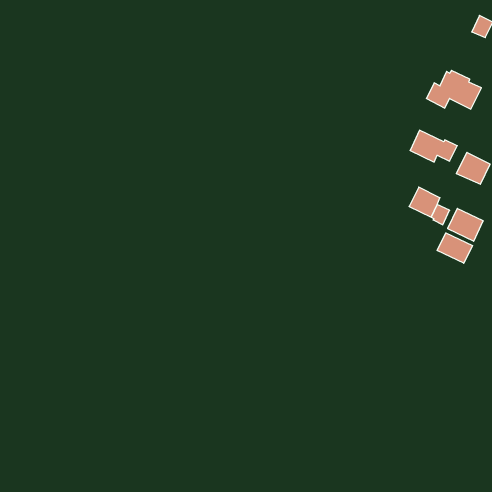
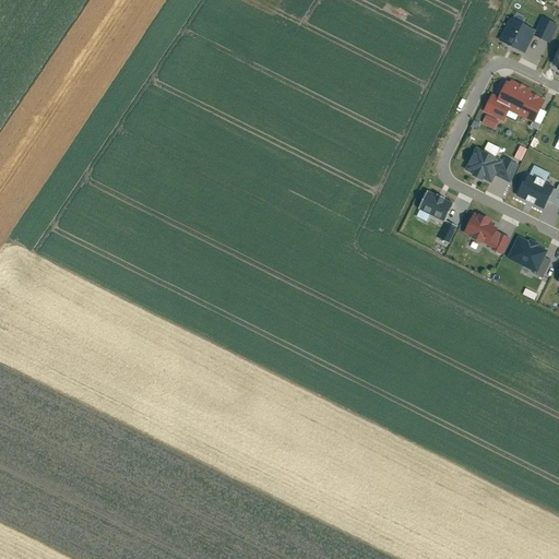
building: none -> [500,17,536,52]
building: none -> [424,191,455,219]
building: [437,233,472,263] -> none

